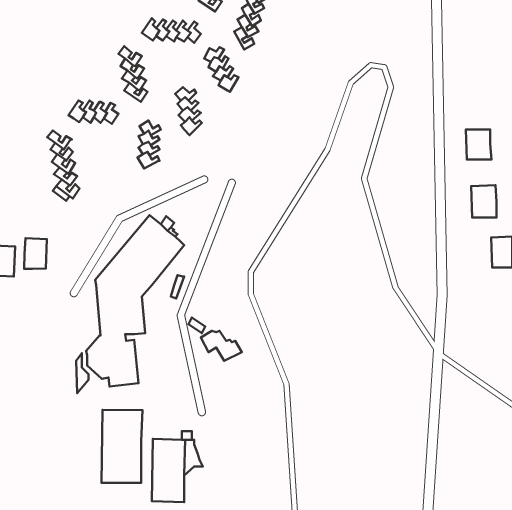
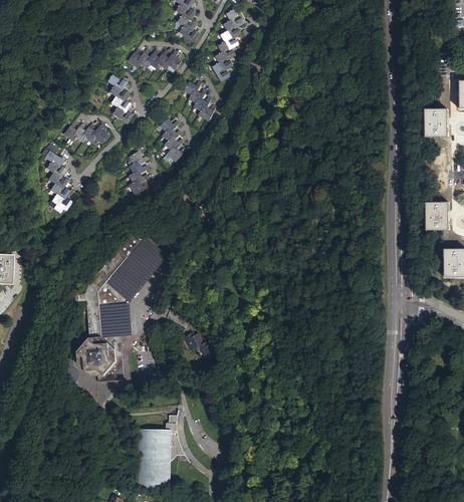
building: [466,130,491,160] -> [425,108,448,136]
building: [24,238,47,269] -> none
building: [101,410,142,483] -> none

